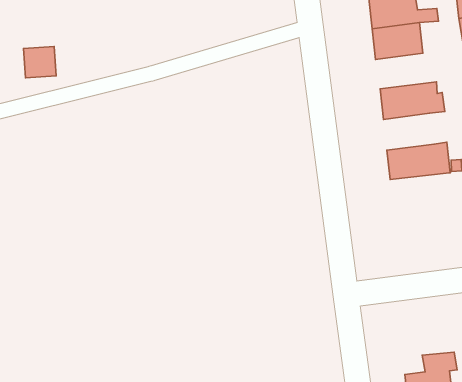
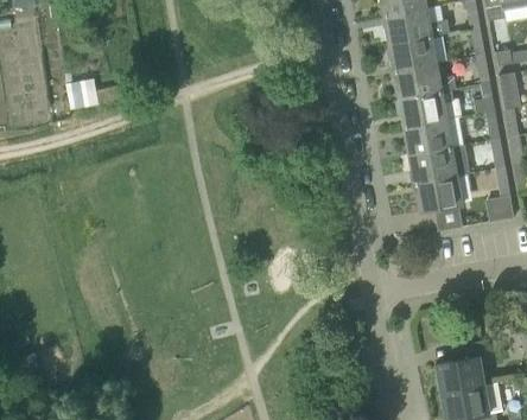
building: none -> [394,62,457,98]
building: none -> [405,119,453,155]
building: none -> [414,173,471,212]

